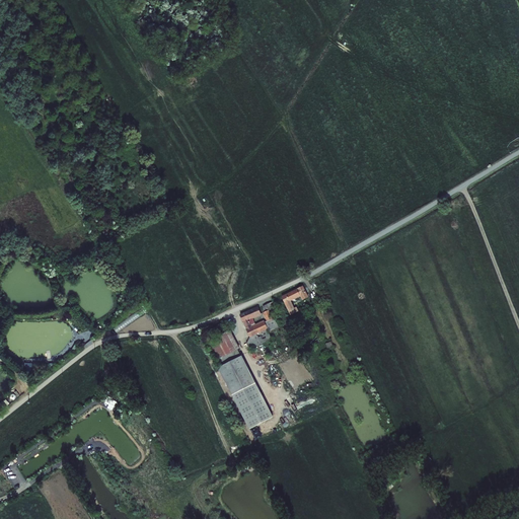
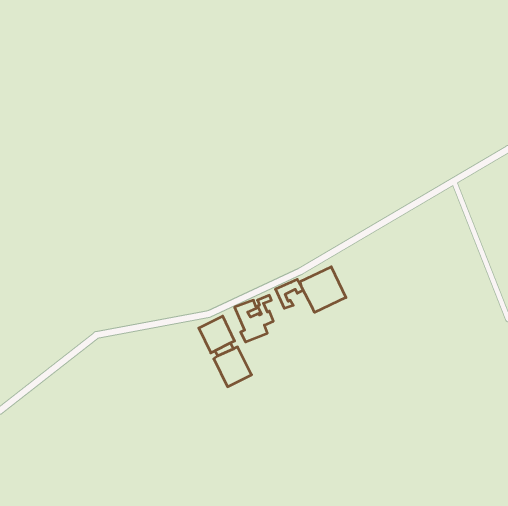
building: none -> [300,267,346,312]
building: [232,384,274,430] -> none

